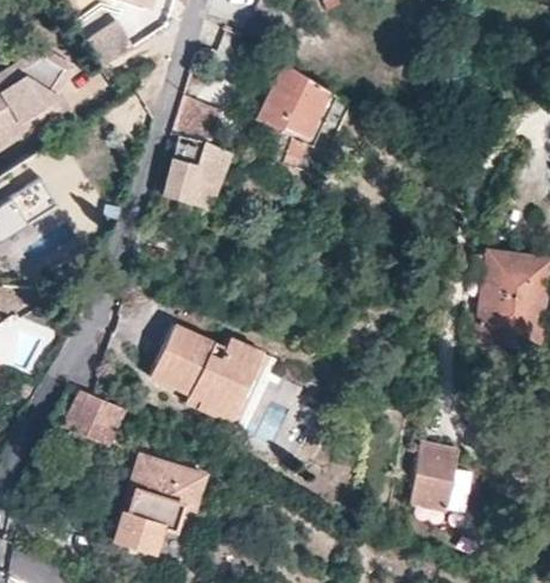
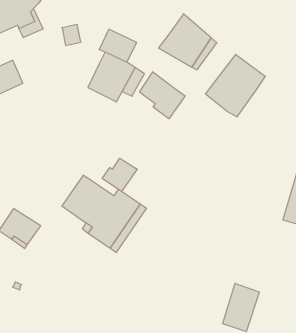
building: none -> [206,54,265,117]
building: none -> [140,72,185,119]
building: none -> [102,158,137,191]
building: [109,454,207,556] -> none

